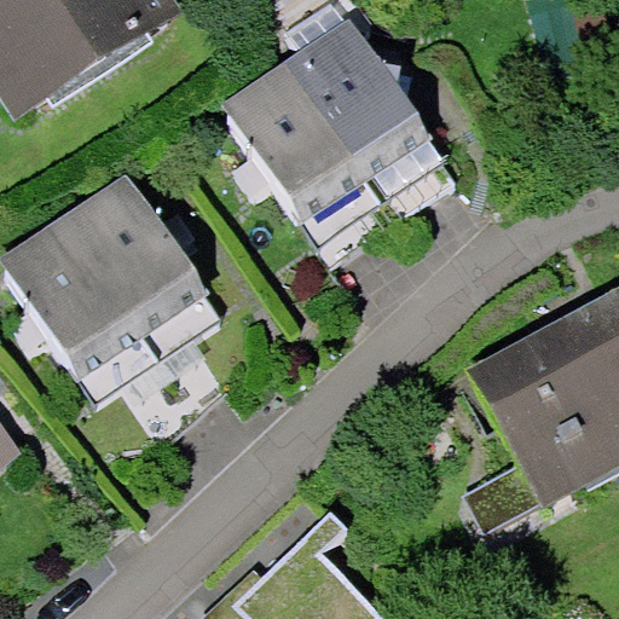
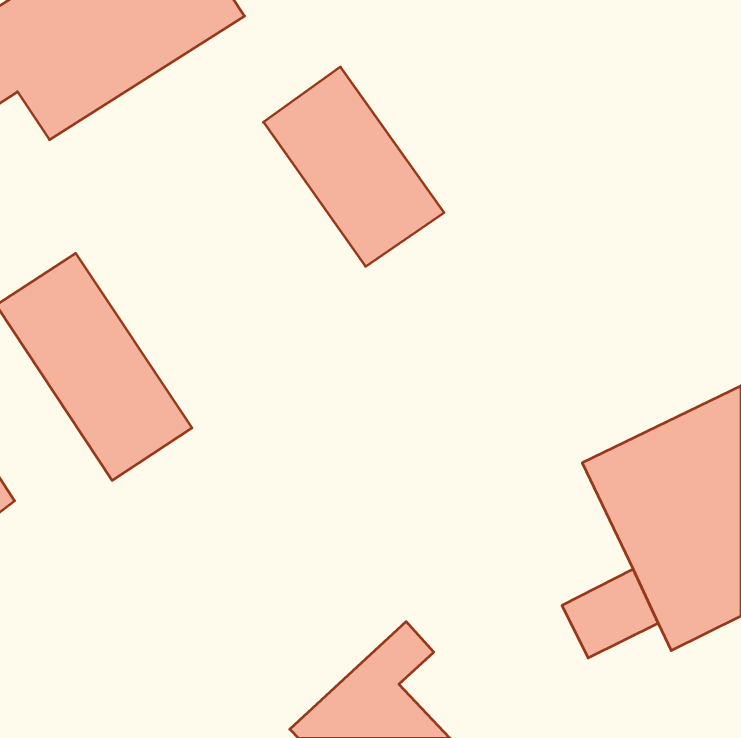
building: [283,12,430,177] -> none
building: [63,169,221,355] -> none

